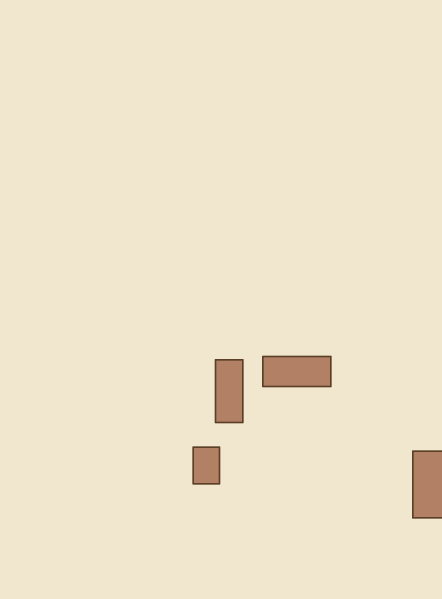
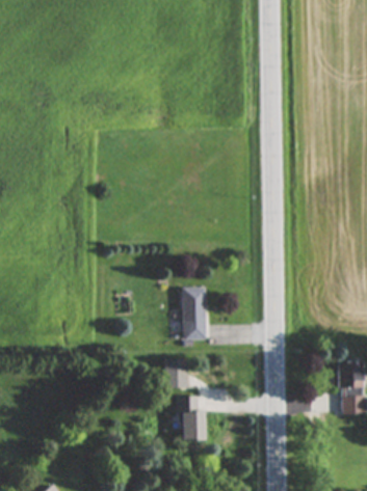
building: [263,356,331,387] -> none
building: none -> [180,397,206,441]

